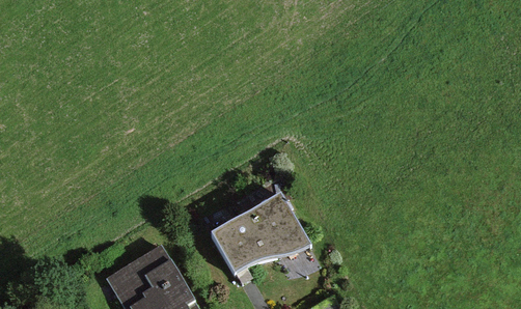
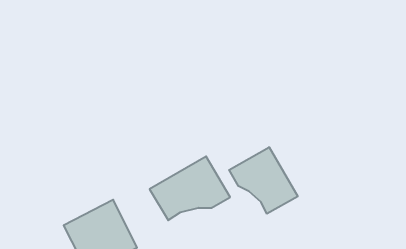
building: none -> [229,147,298,214]

